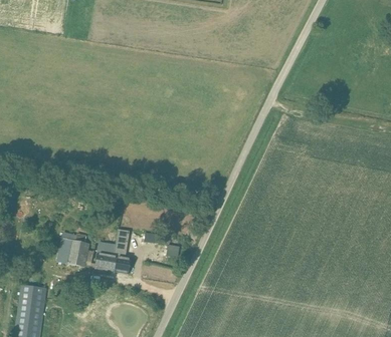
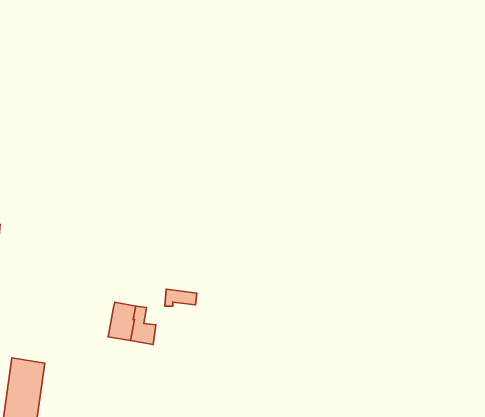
building: [57,234,94,269] -> none

